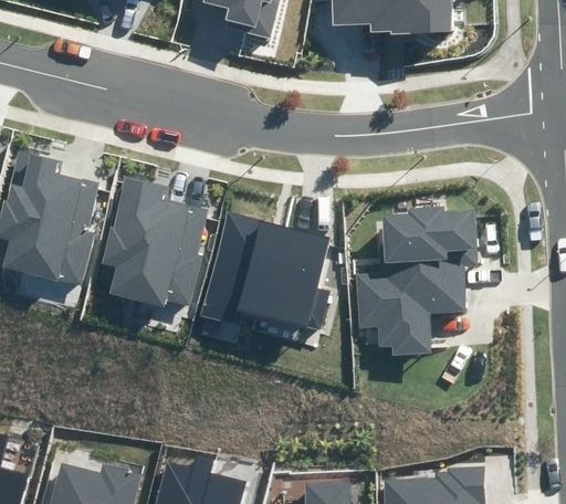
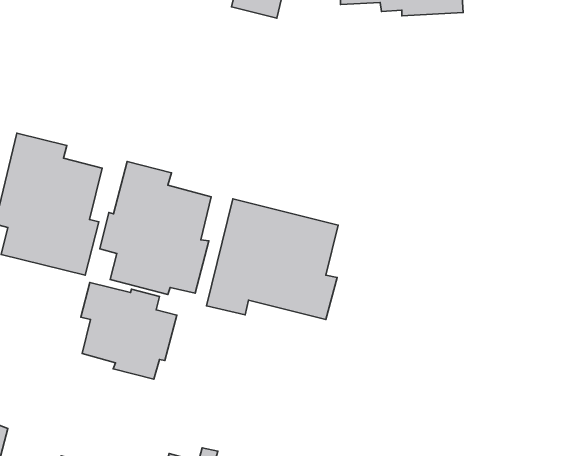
building: [354,206,476,355] -> none
building: none -> [81,282,177,379]

